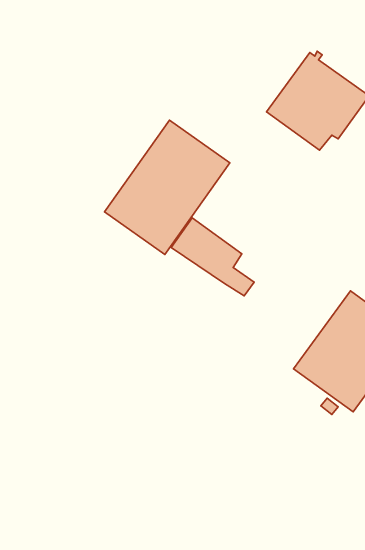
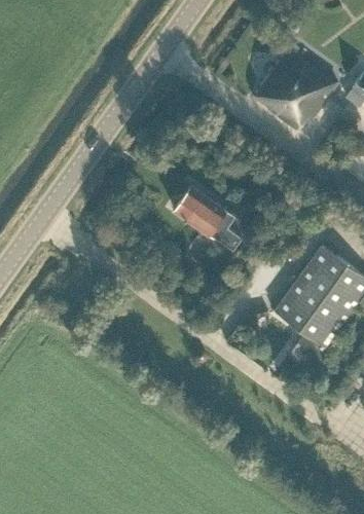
building: [105,120,230,254] -> none

